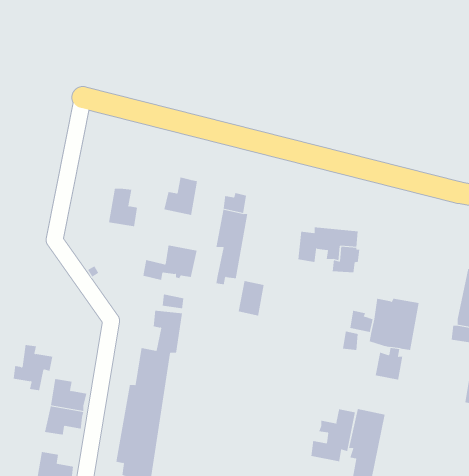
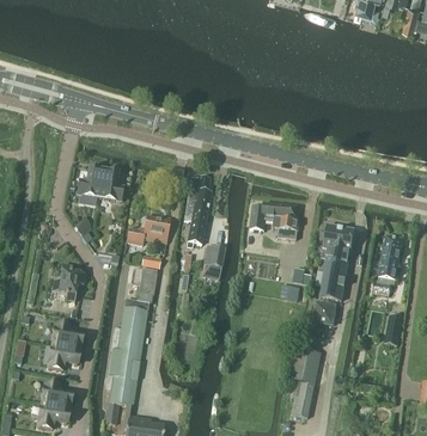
building: [163,177,198,215] -> [77,167,104,198]
building: none -> [315,226,355,263]
building: [13,345,53,391] -> [53,264,85,301]
building: [311,408,355,462] -> none

